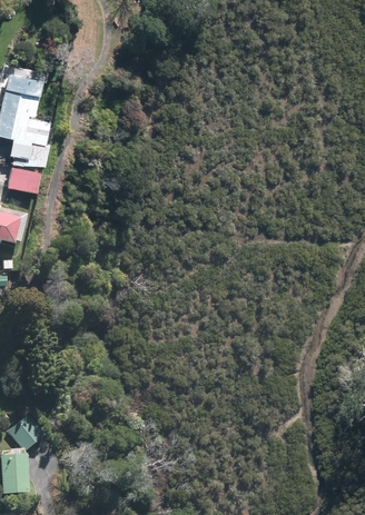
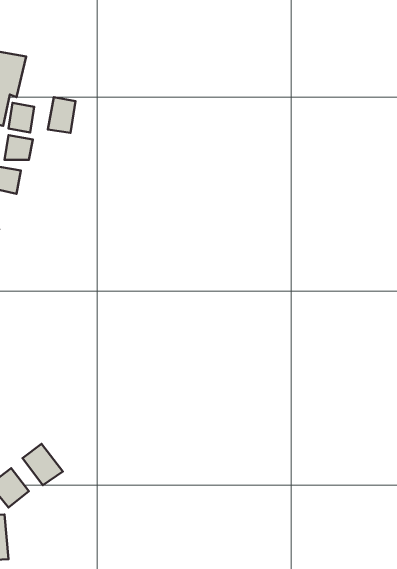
building: none -> [48,97,75,133]
building: none -> [23,444,63,485]

